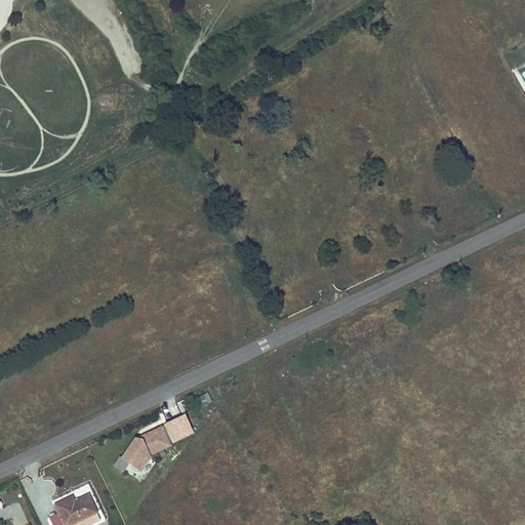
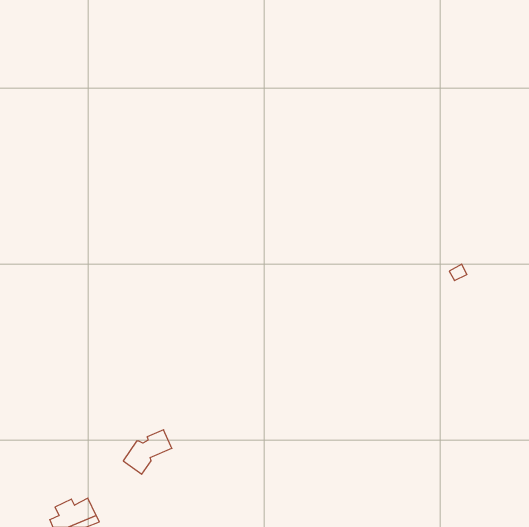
building: [162,415,193,442] -> none

